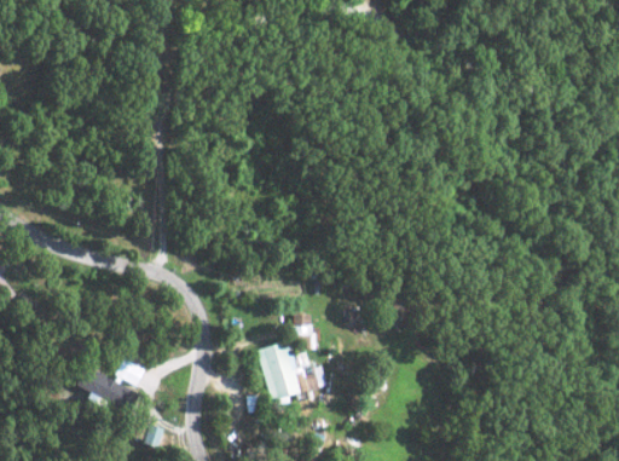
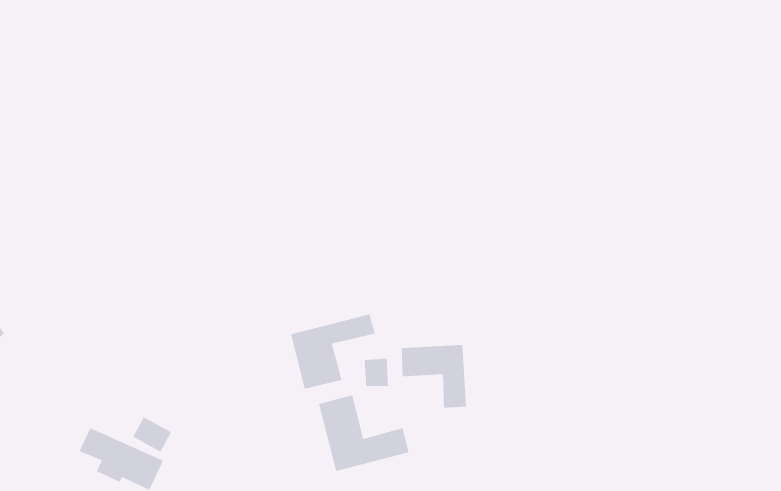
building: none -> [290,313,375,390]
building: none -> [401,344,466,409]

